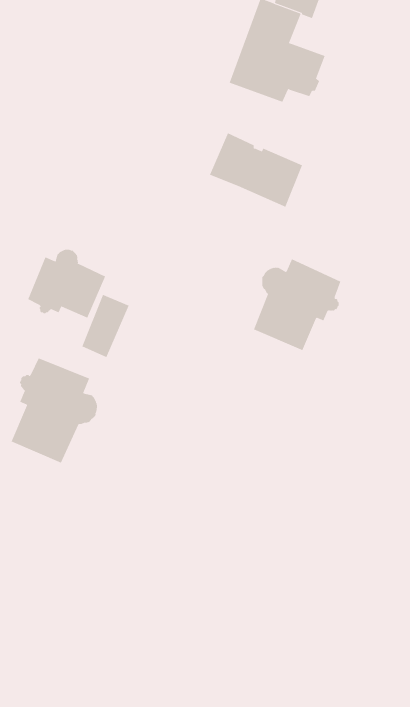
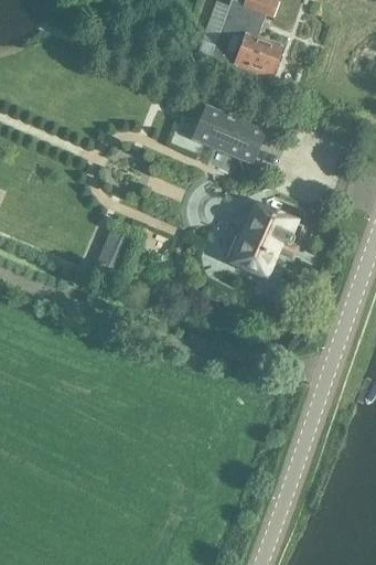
building: [27,249,106,318] -> none
building: [11,358,98,464] -> none

